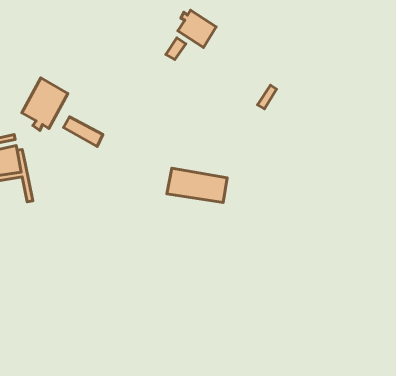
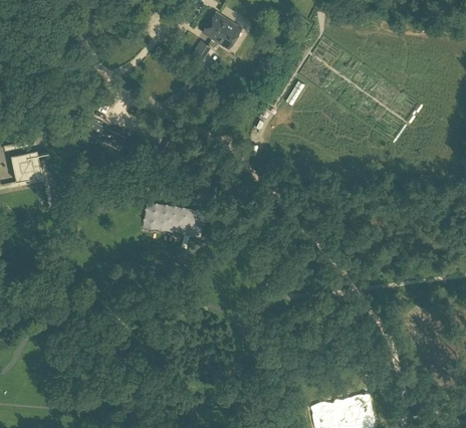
building: [22,78,68,130] -> none
building: [167,168,227,203] -> [142,201,203,236]

